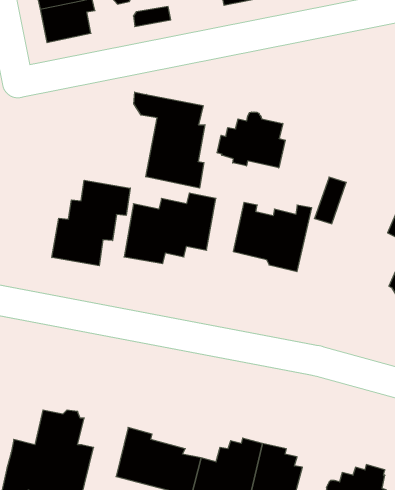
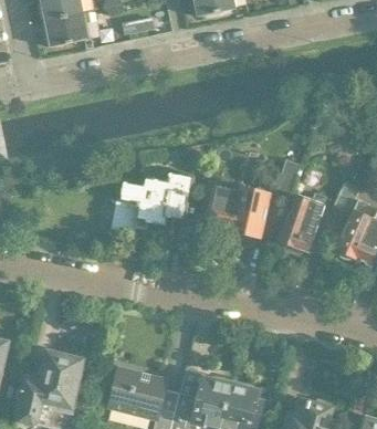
building: [134,92,205,188] -> none
building: [217,112,285,168] -> none
building: [52,180,130,266] -> none
building: none -> [279,191,326,247]

